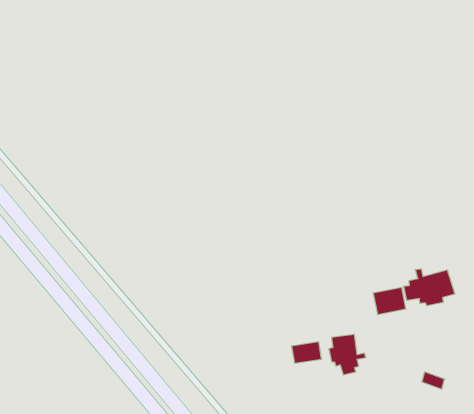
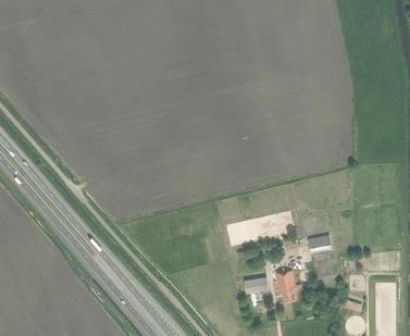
building: [404,269,455,306] -> none

